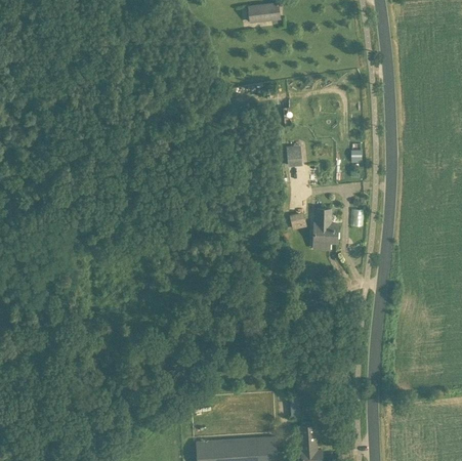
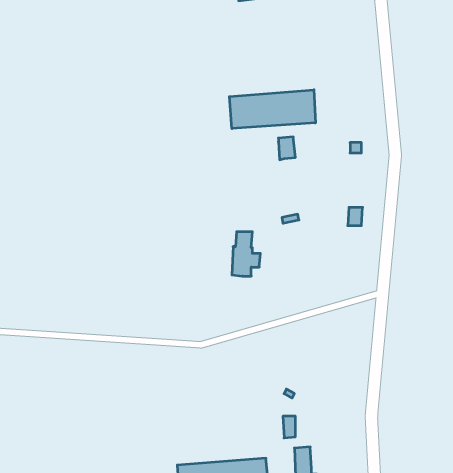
building: none -> [229,90,315,129]
building: [312,209,338,249] -> [232,232,260,276]

